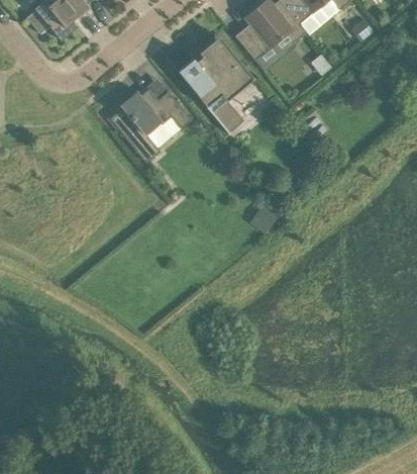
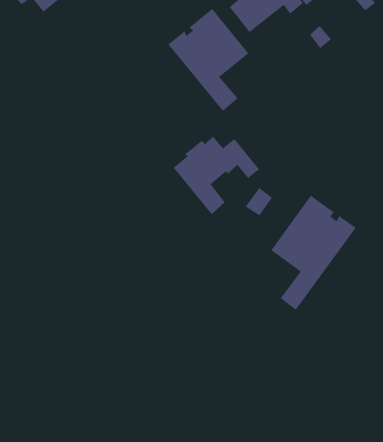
building: [110,87,192,162] -> [173,136,260,215]
building: none -> [270,195,357,310]

